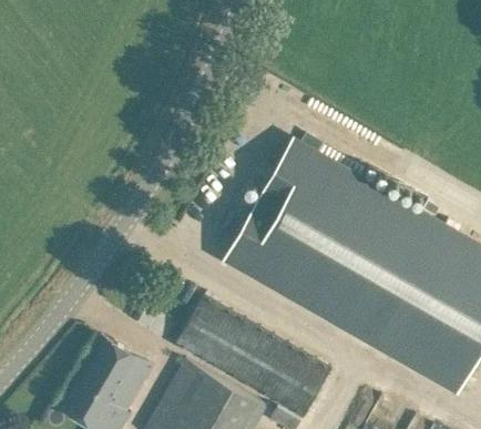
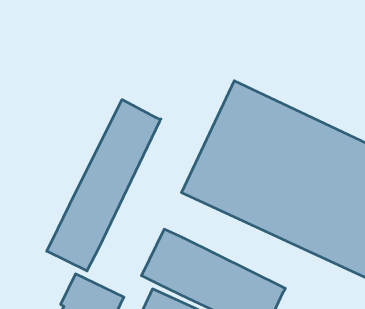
building: none -> [47,100,161,271]

